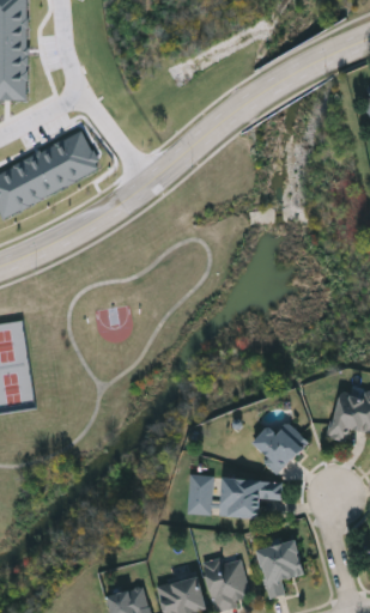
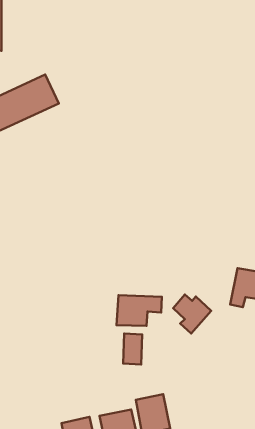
building: [220,475,280,516] -> [117,295,162,326]
building: [255,539,303,595] -> none

